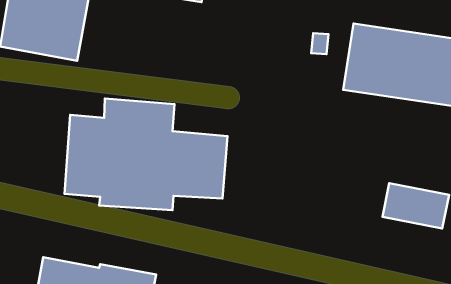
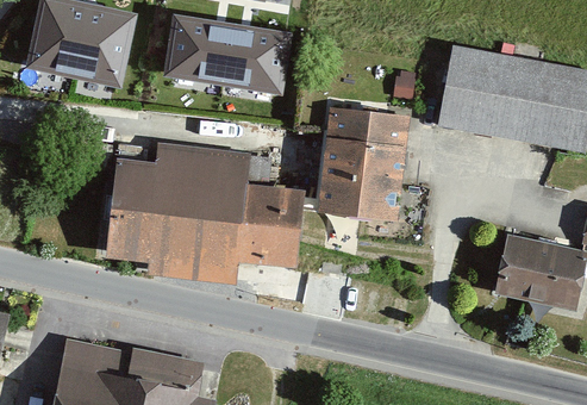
building: none -> [160,25,282,96]
building: none -> [318,105,411,218]

